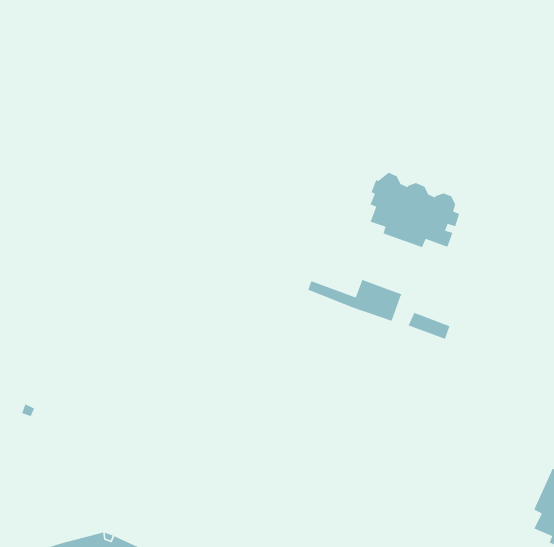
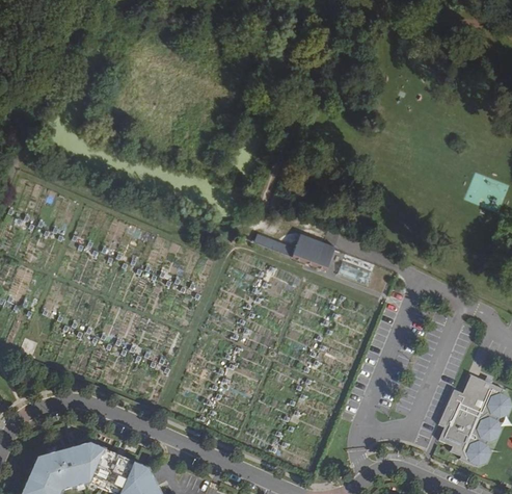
building: [369,172,460,248] -> none

